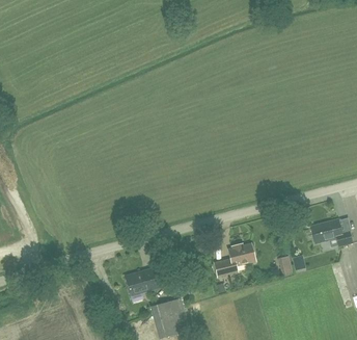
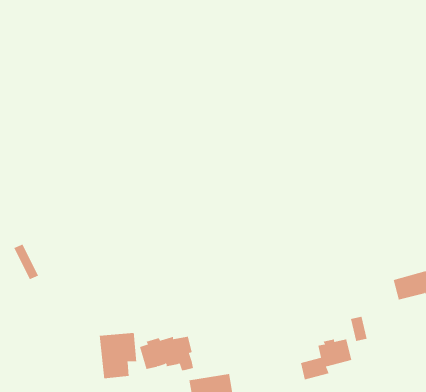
building: [215,243,255,276] -> [300,339,352,380]
building: none -> [99,332,137,379]

